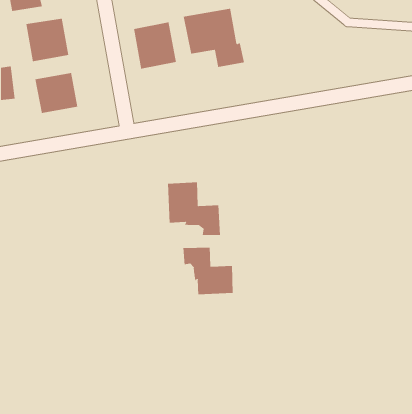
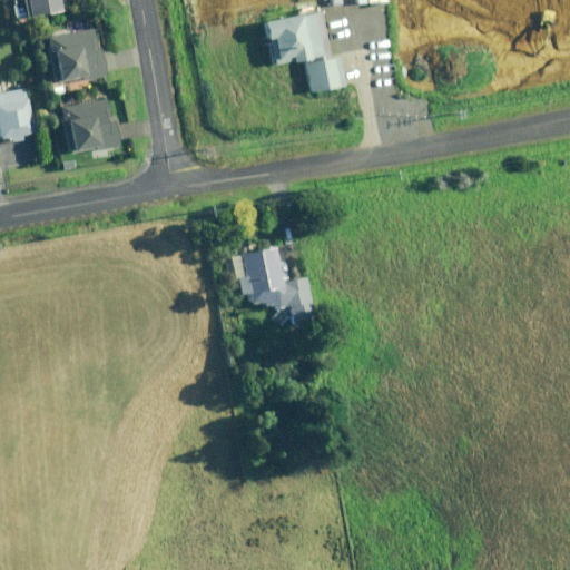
building: [133,22,176,70] -> none
building: [183,247,233,295] -> none

